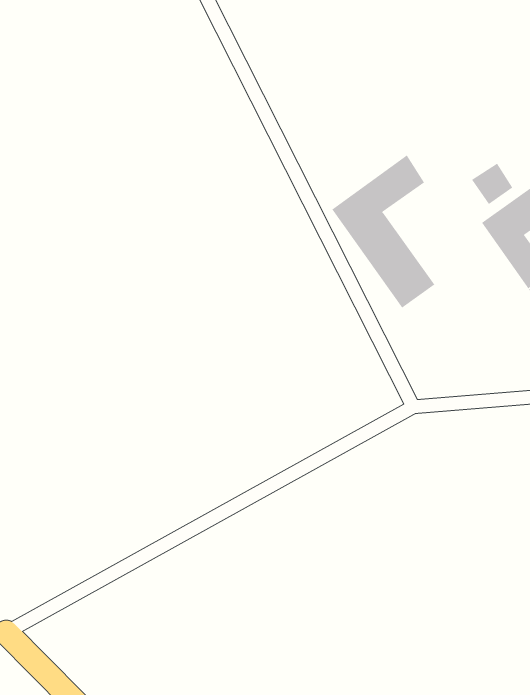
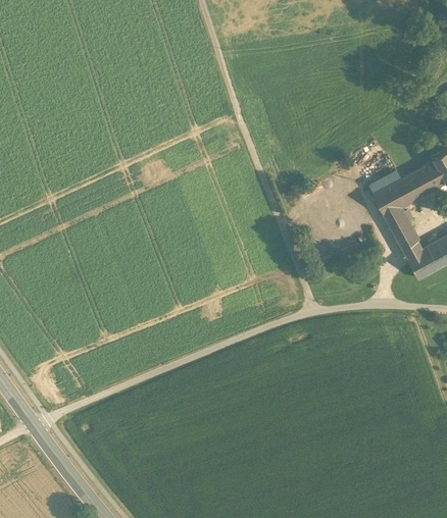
building: [331,155,435,308] -> none

